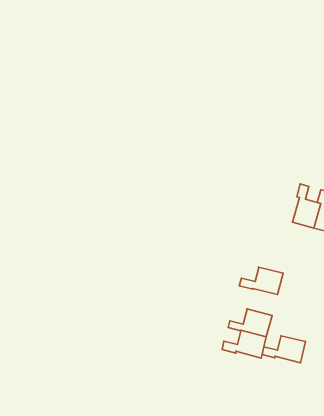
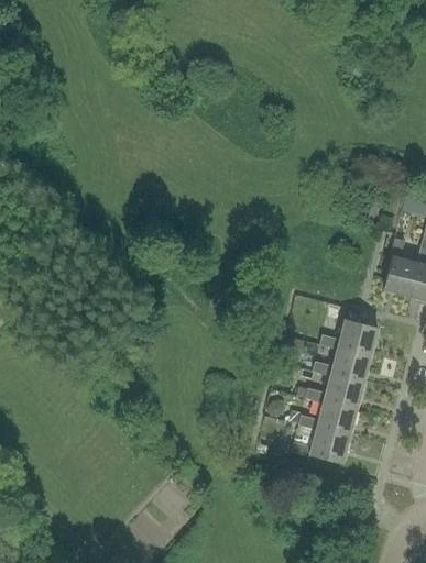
building: none -> [321,319,379,354]
building: [262,336,306,363] -> [308,374,364,409]

